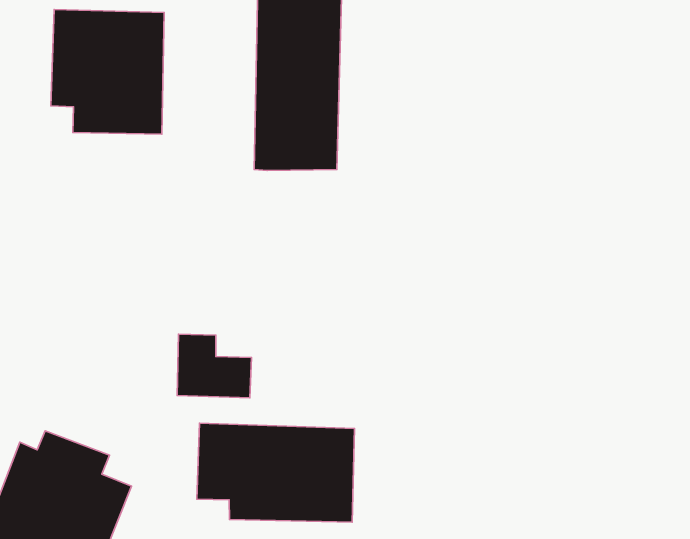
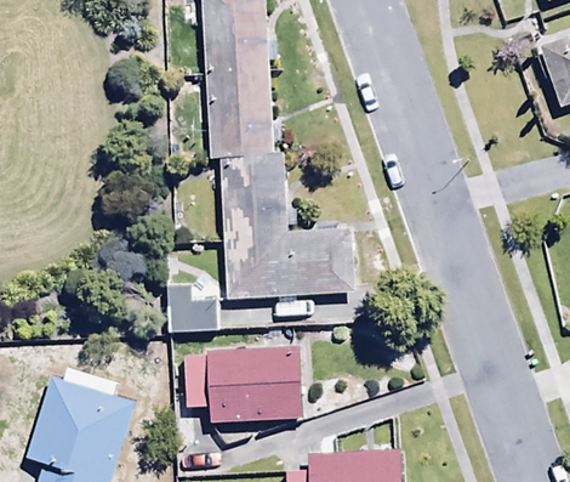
building: [51,9,164,134] -> none
building: none -> [221,153,354,300]

